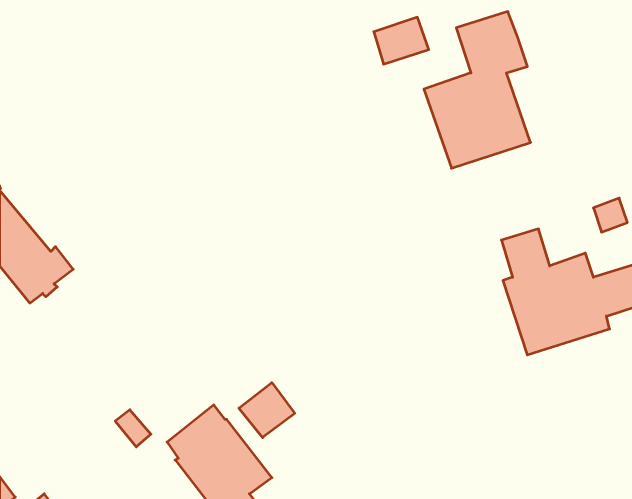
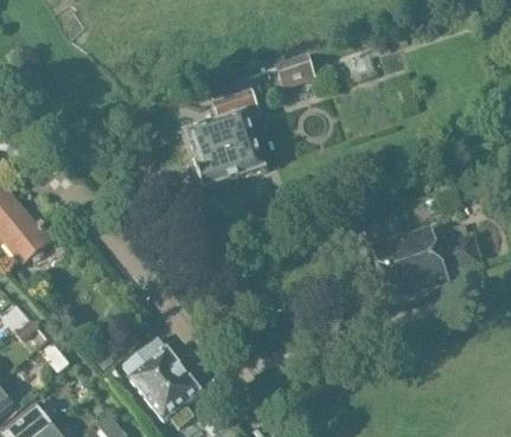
building: [424,12,531,168] -> [185,75,263,189]
building: [239,383,295,438] -> none

